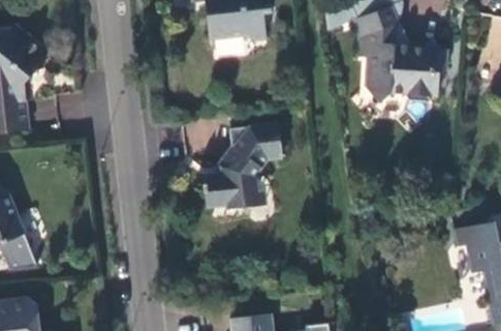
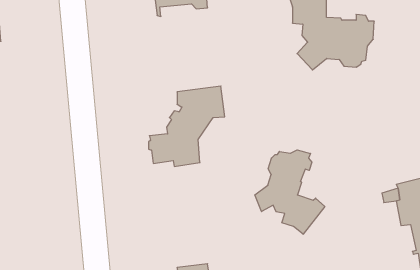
building: none -> [255,150,325,234]

